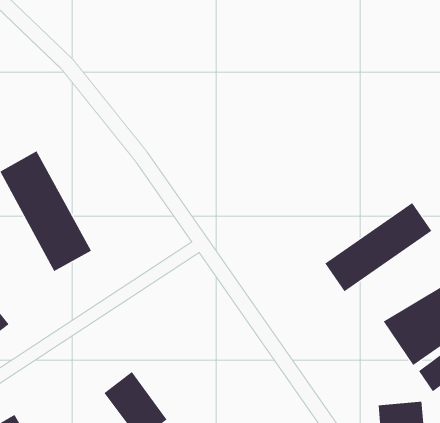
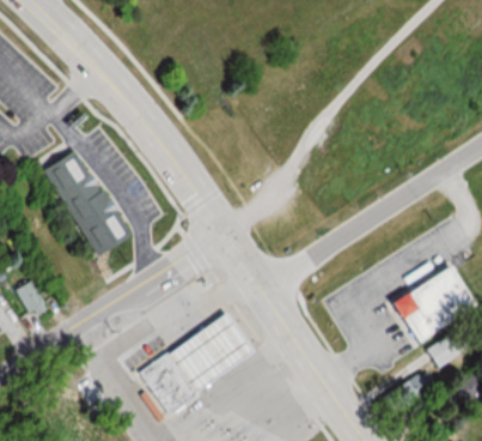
building: [325,202,432,292] -> none
building: none -> [163,312,250,393]

